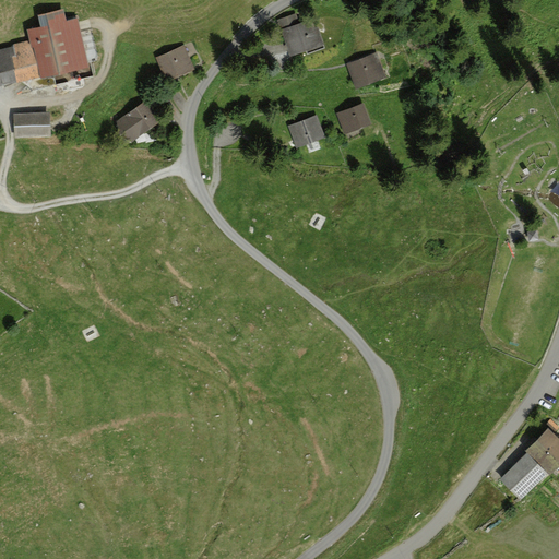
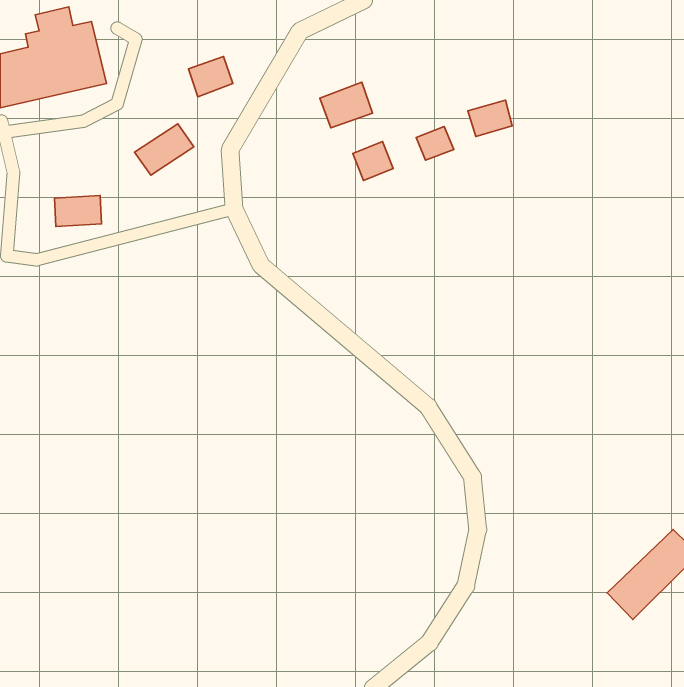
building: [280,20,322,57] -> [320,82,372,128]
building: [347,56,383,85] -> [468,100,512,137]
building: [15,111,53,136] -> [54,196,101,227]

